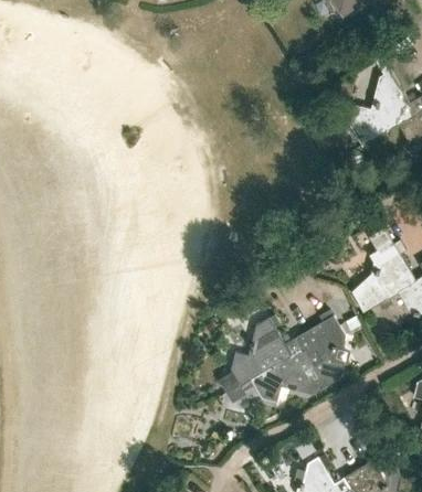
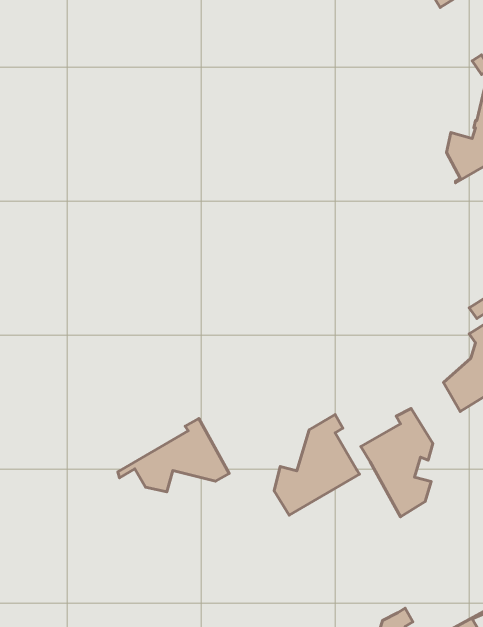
building: [241,349,321,402] -> [118,419,229,492]

